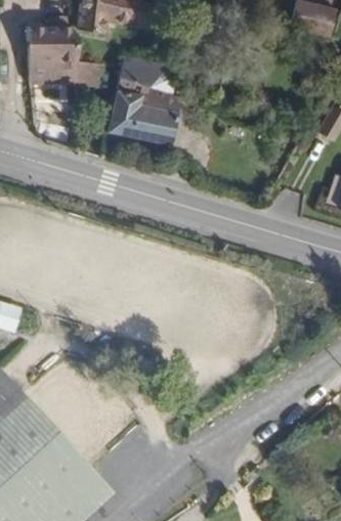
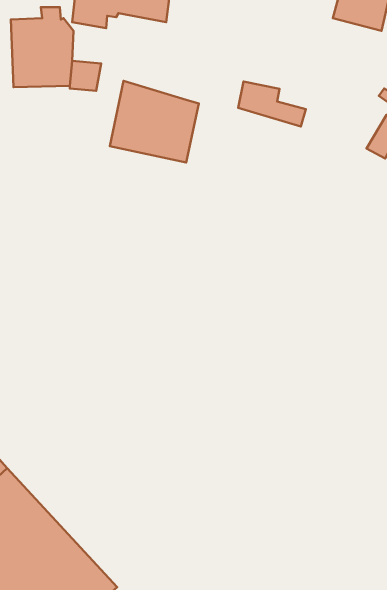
building: [119,56,174,93] -> [238,81,306,127]

